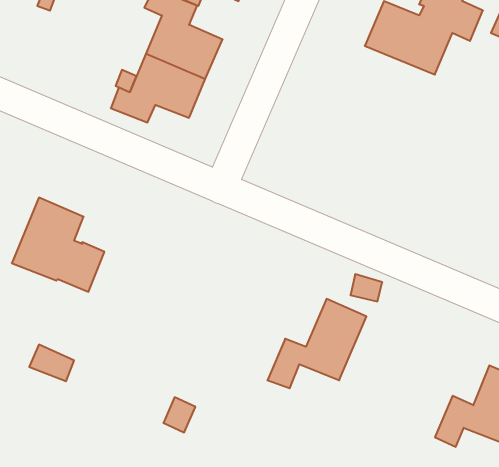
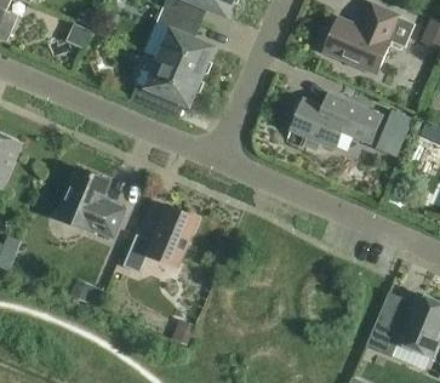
building: none -> [290,92,382,154]
building: none -> [375,110,410,156]
building: [267,299,366,388] -> [121,205,196,273]

